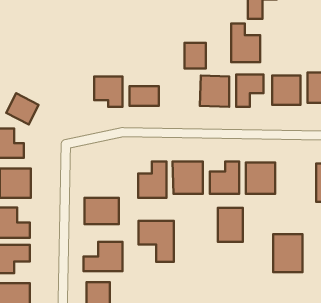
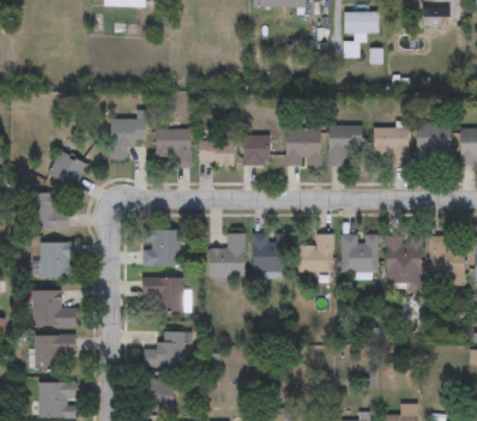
building: [231,23,260,62] -> none
building: [184,43,206,68] -> [243,134,270,166]
building: none -> [111,119,146,158]
building: none -> [143,229,180,265]
building: [218,208,243,242] -> none
building: [139,221,174,262] -> none
building: [273,234,303,272] -> [386,235,422,282]

